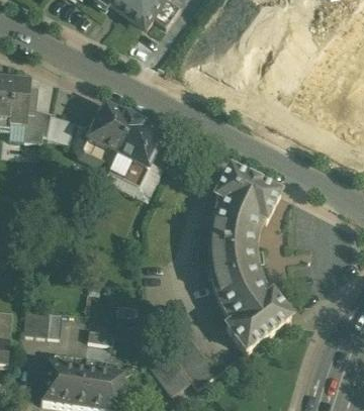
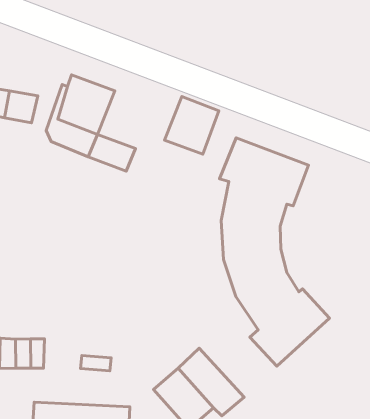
building: [119,121,165,169] -> [165,97,219,154]

